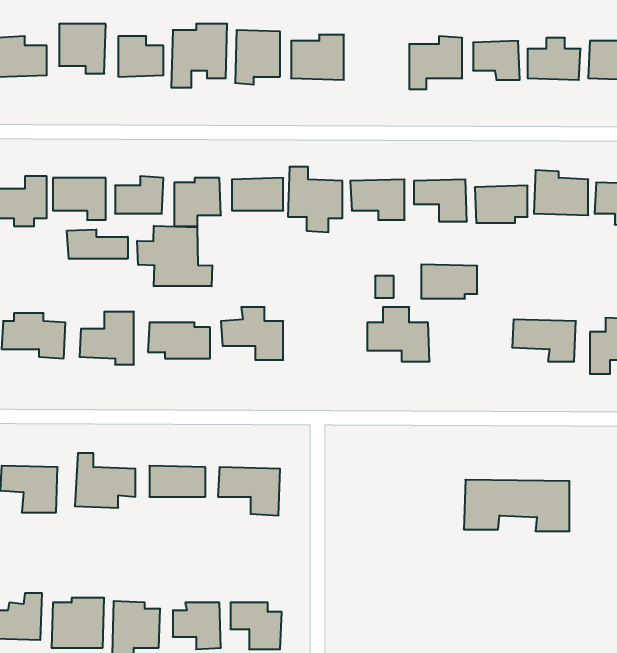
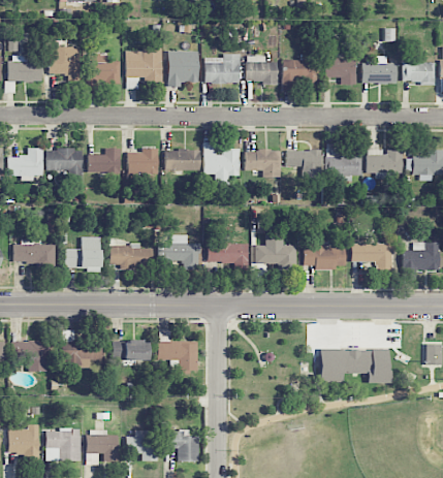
building: none -> [246,56,277,83]
building: [137,226,212,286] -> none
building: [67,229,128,259] -> none
building: [421,264,477,299] -> [308,246,345,268]
building: none -> [207,242,248,269]

